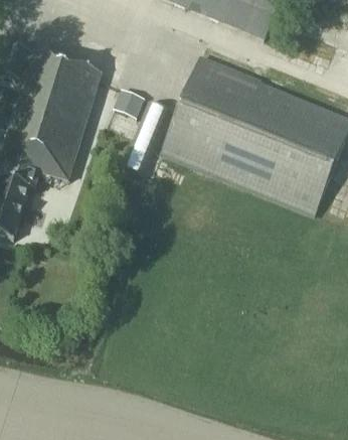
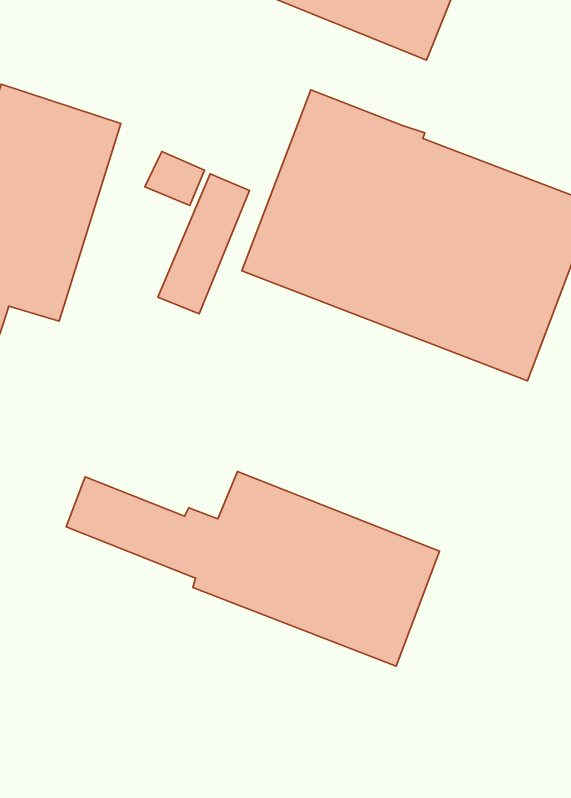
building: none -> [66,471,440,666]

